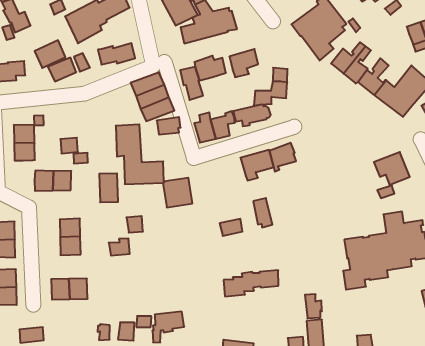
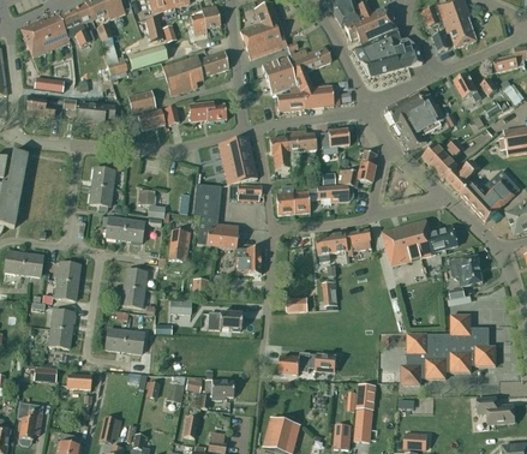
building: none -> [382,217,457,265]
building: none -> [208,312,241,330]

